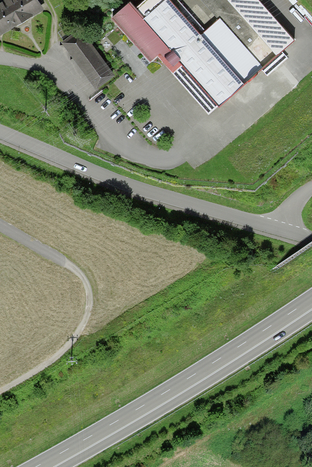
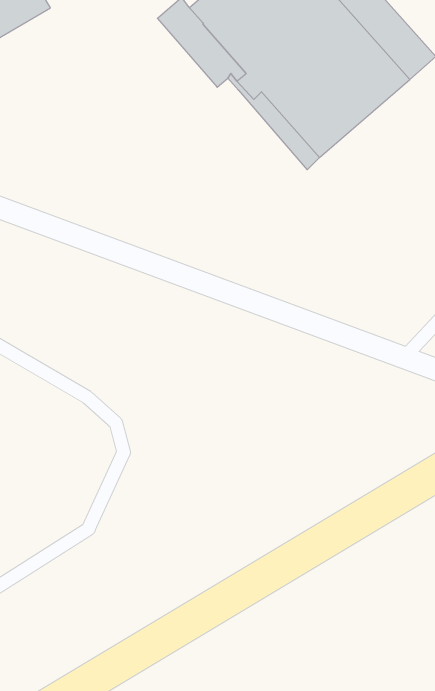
building: [62,26,112,87] -> none

